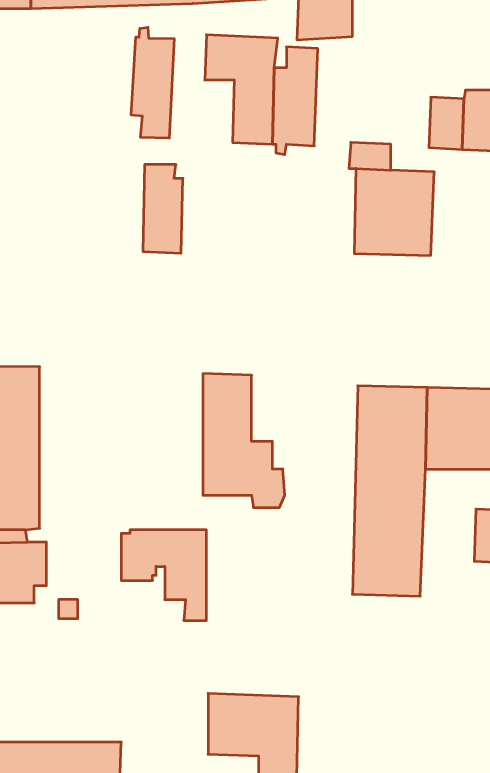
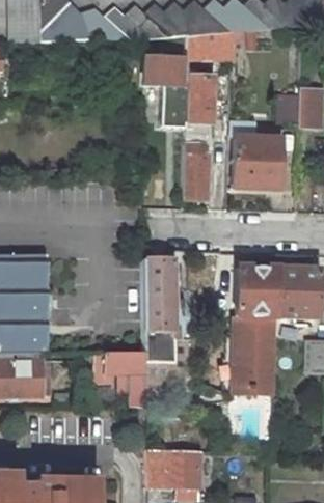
building: [131,27,174,138] -> none
building: [143,165,183,253] -> [185,146,209,199]
building: none -> [146,332,174,362]

